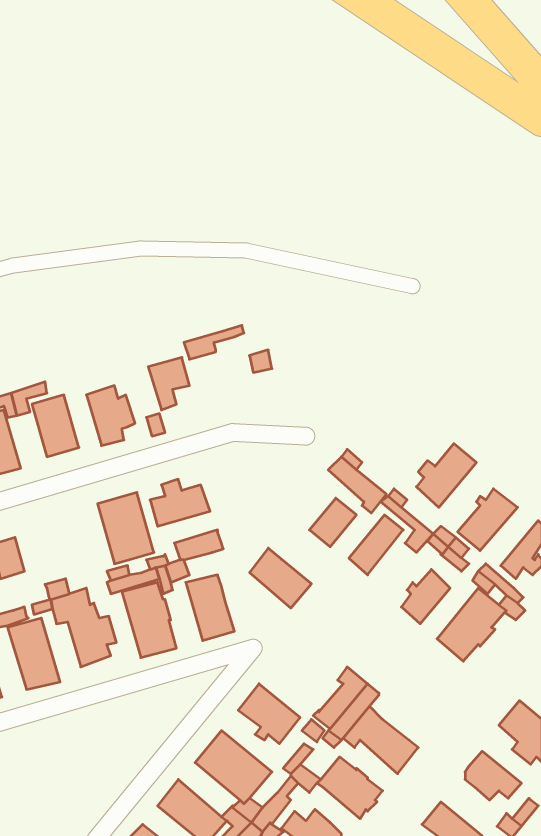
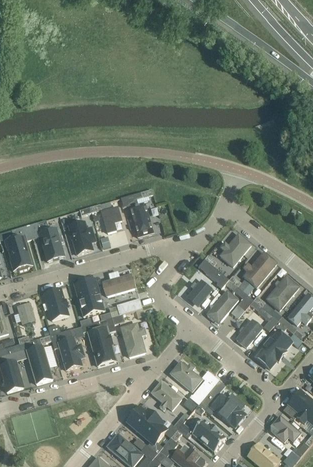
building: none -> [129,204,153,238]
building: none -> [220,231,252,265]
building: none -> [44,289,68,321]
building: [250,548,311,608] -> [169,361,202,393]

